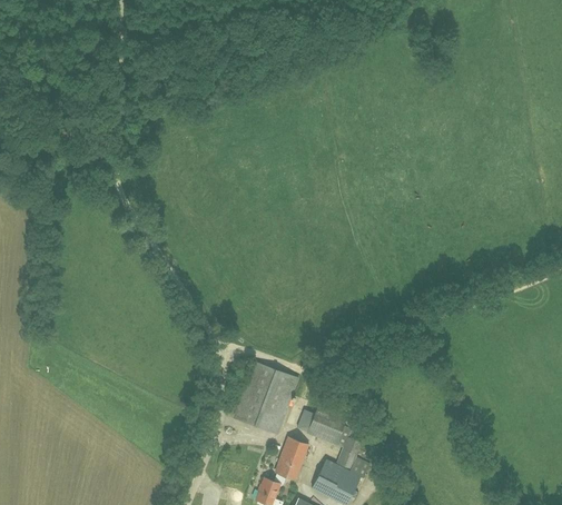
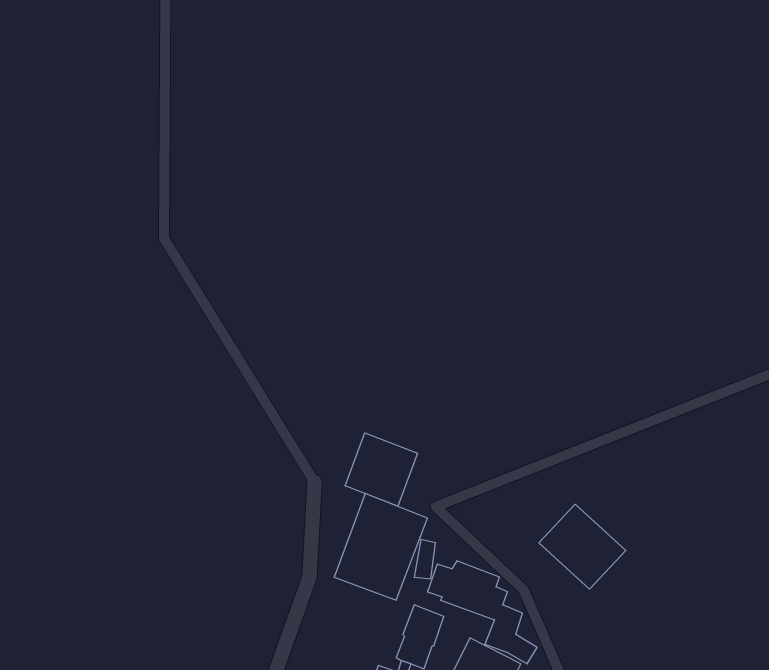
building: none -> [345,433,418,506]
building: none -> [539,504,626,589]

